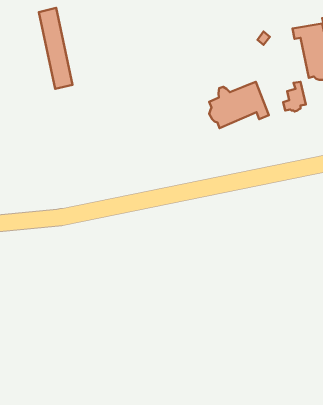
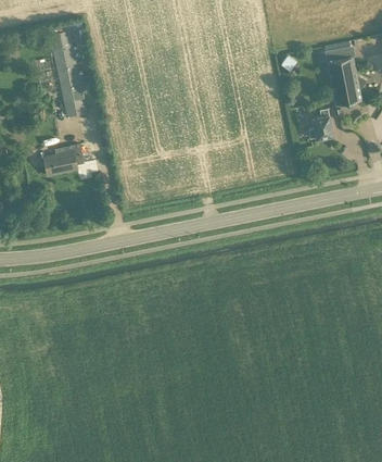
building: [209,82,269,128] -> none
building: none -> [43,143,84,175]

